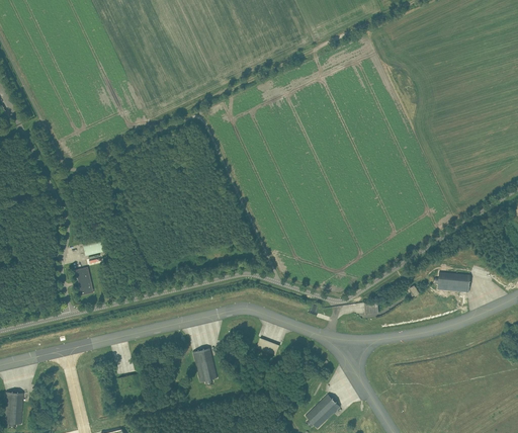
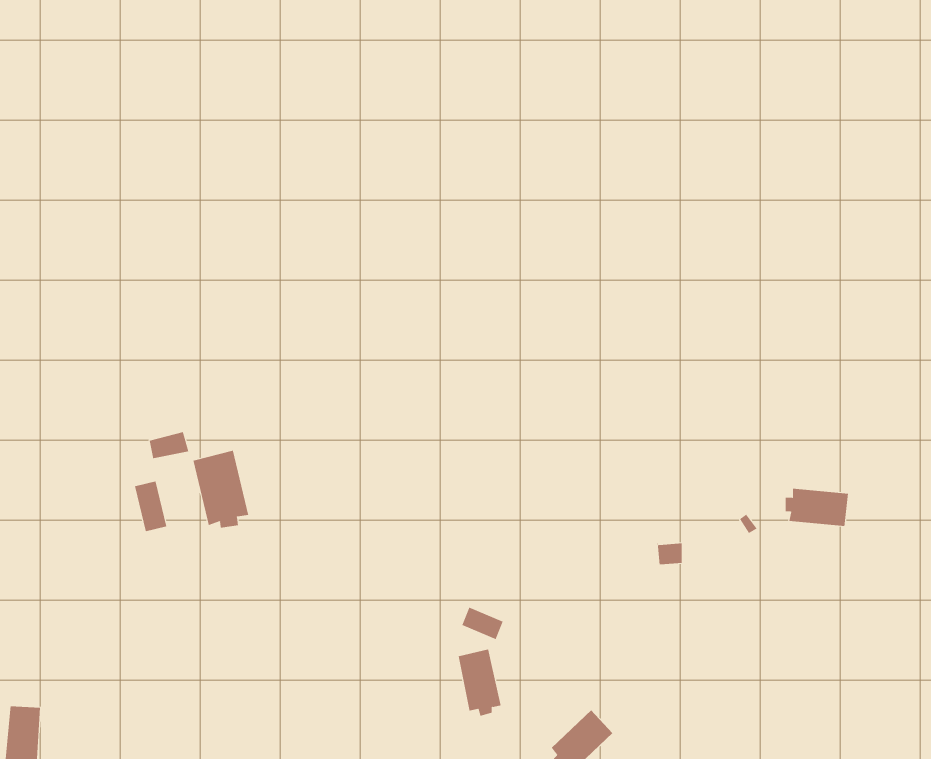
building: none -> [193,450,249,528]
building: [193,347,218,384] -> [458,649,502,717]

